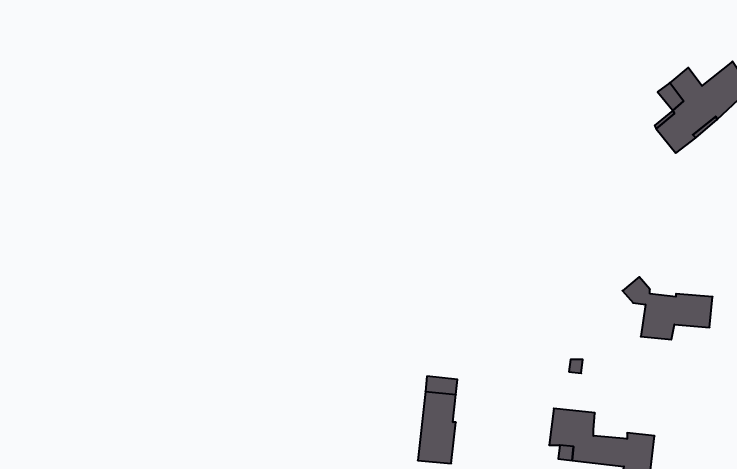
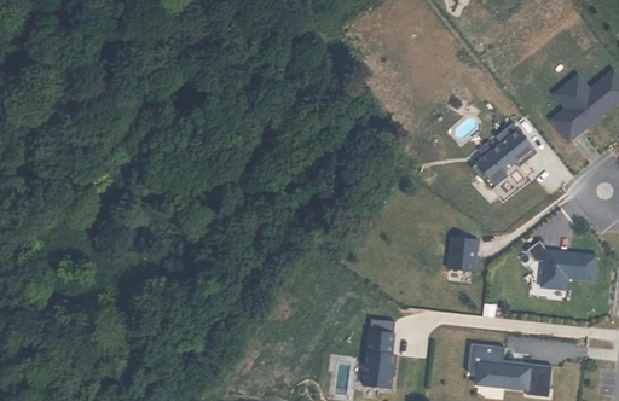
building: none -> [472,123,537,187]
building: none -> [449,238,479,272]

